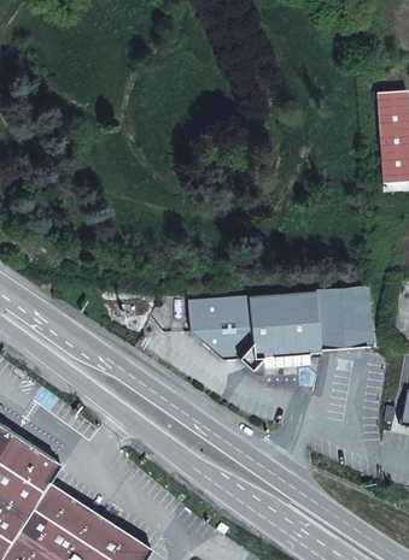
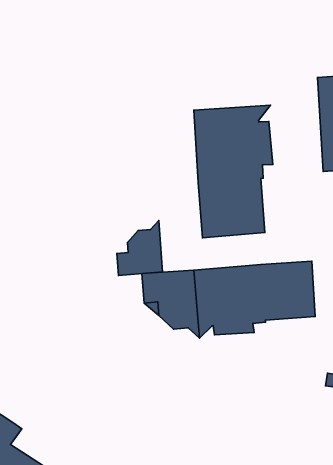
building: none -> [194,105,273,238]
building: none -> [117,221,162,276]

